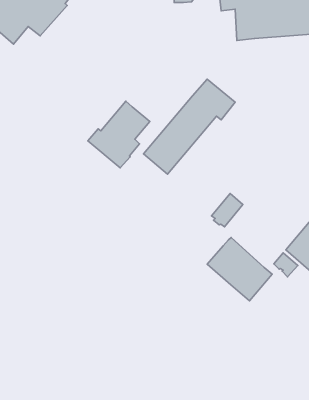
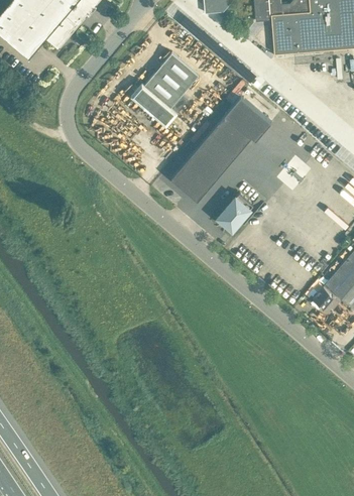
building: [88,101,150,168] -> [130,51,198,124]
building: [212,194,243,227] -> [218,193,252,229]
building: [207,238,272,301] -> none

